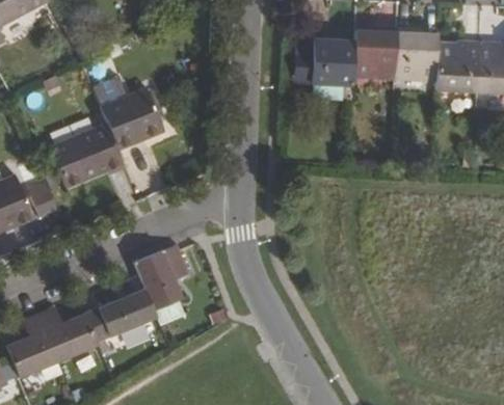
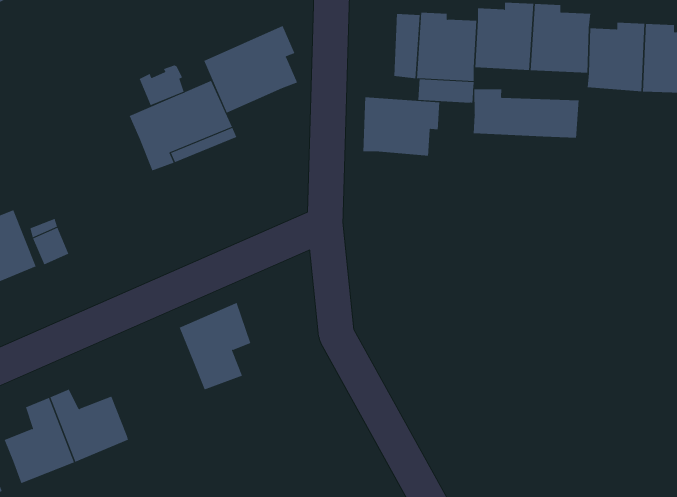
building: none -> [203,25,298,114]
building: none -> [473,88,579,138]
building: none -> [363,96,440,156]
building: [48,126,122,188] -> none
building: [86,289,157,343] -> none

